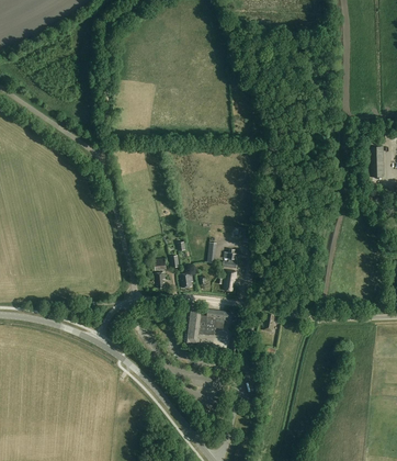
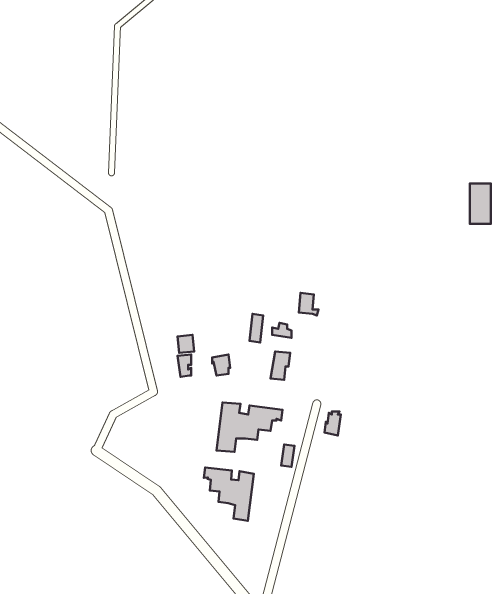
building: none -> [204,468,254,521]

